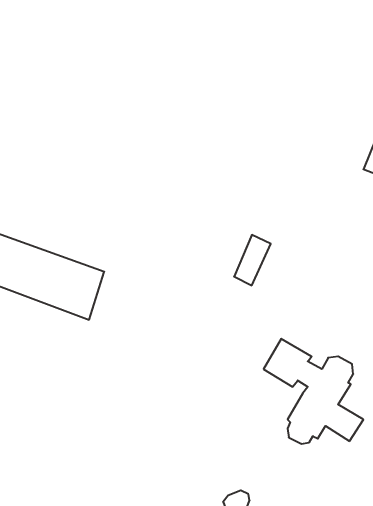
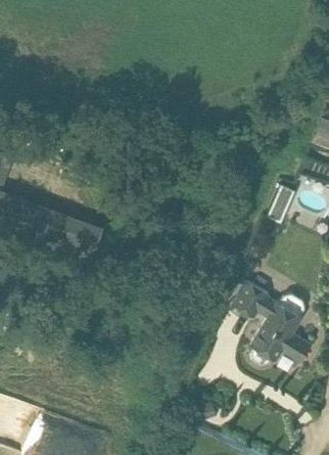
building: [234,235,271,285] -> [267,186,296,227]

